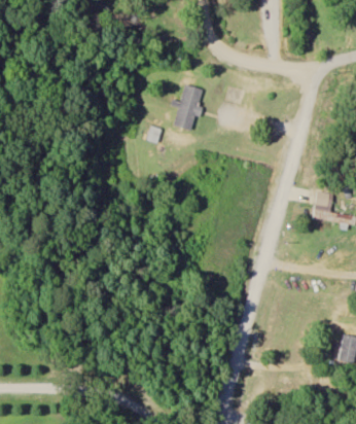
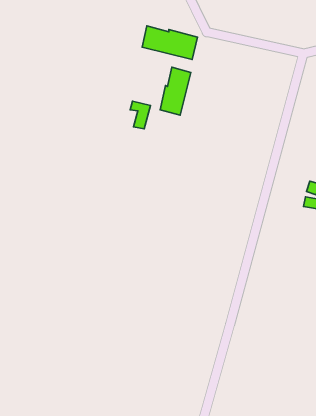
building: none -> [142,26,197,60]

